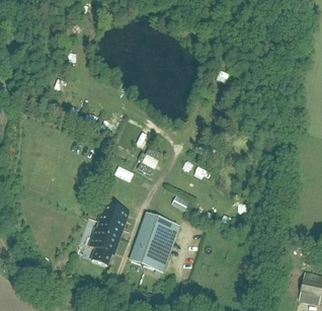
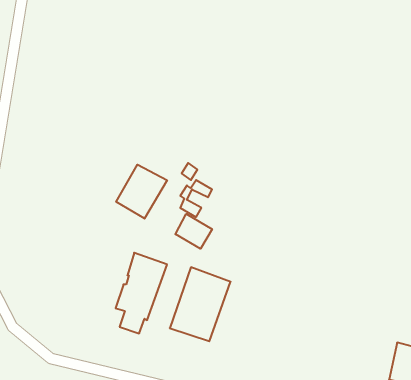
building: none -> [116,165,167,219]
building: none -> [175,214,212,249]

